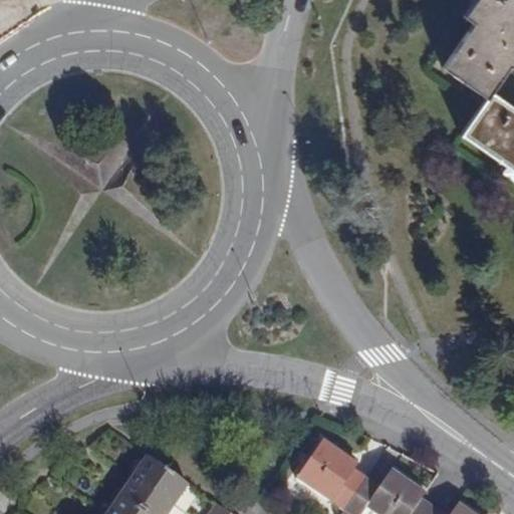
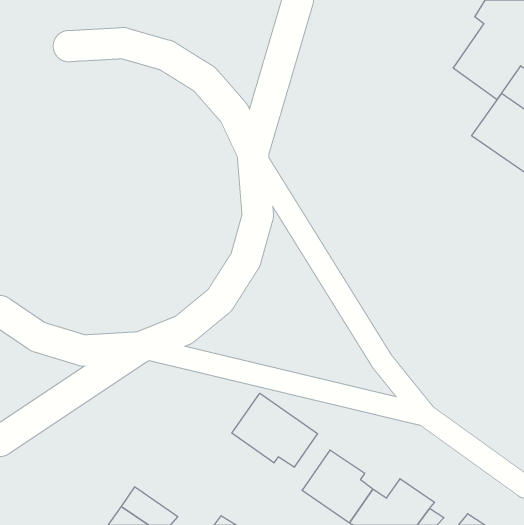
building: none -> [232,393,318,467]
building: [133,455,189,505] -> none

